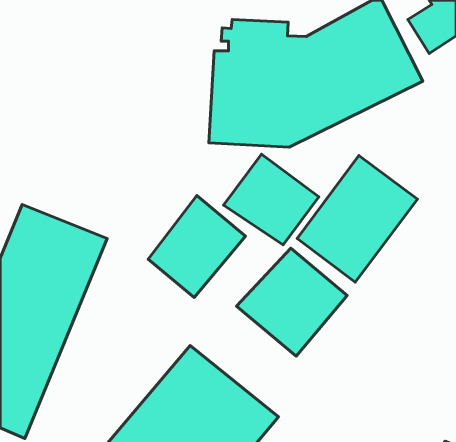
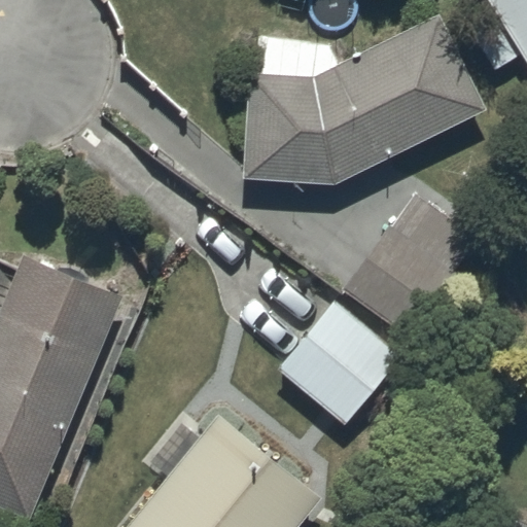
building: [224,154,319,245] -> none
building: [148,195,245,298] -> none

